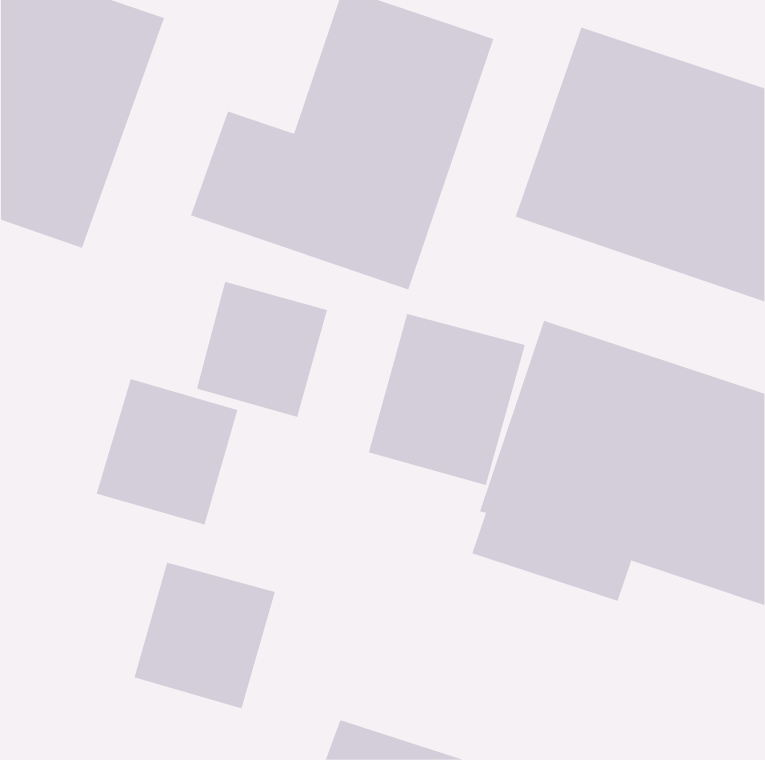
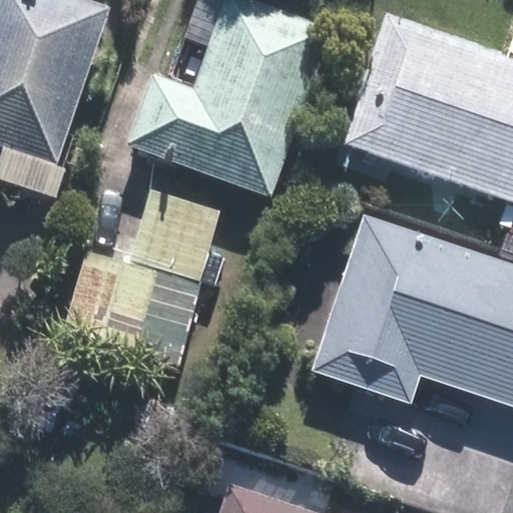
building: [368,313,525,486] -> none
building: [134,562,276,709] -> none

